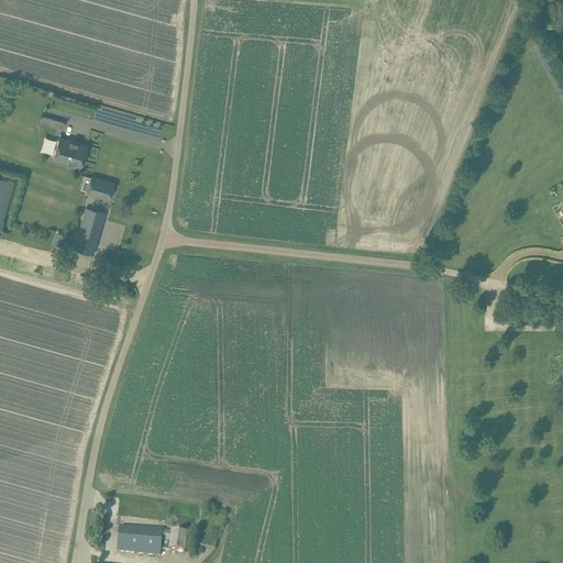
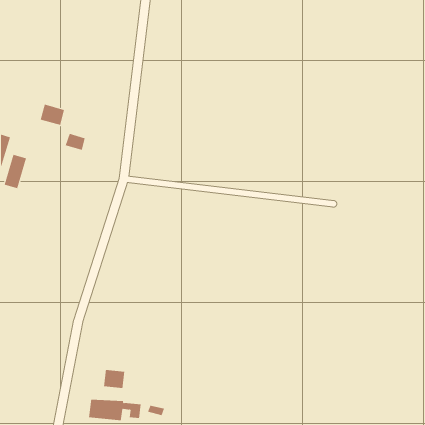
building: [74,208,104,254] -> [4,154,27,189]
building: none -> [103,369,125,389]

